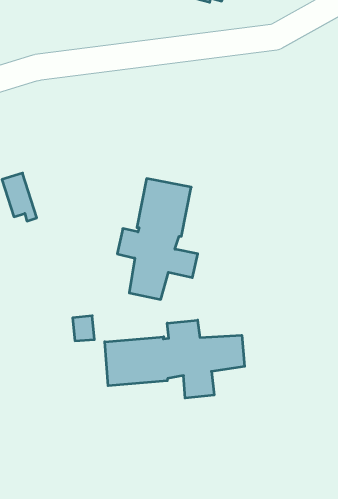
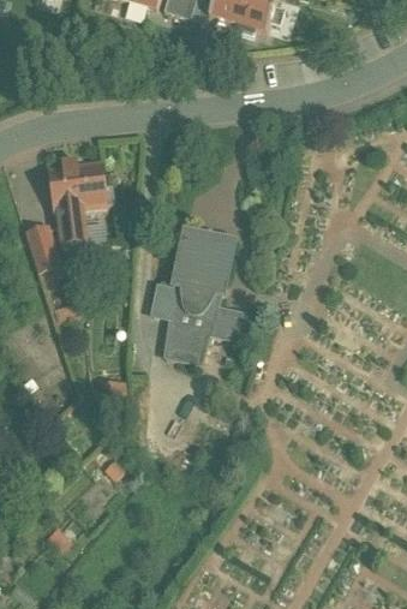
building: none -> [47,157,114,244]
building: [105,320,245,398] -> none

